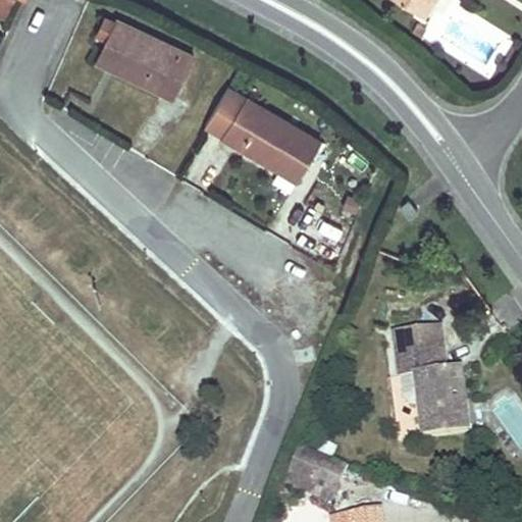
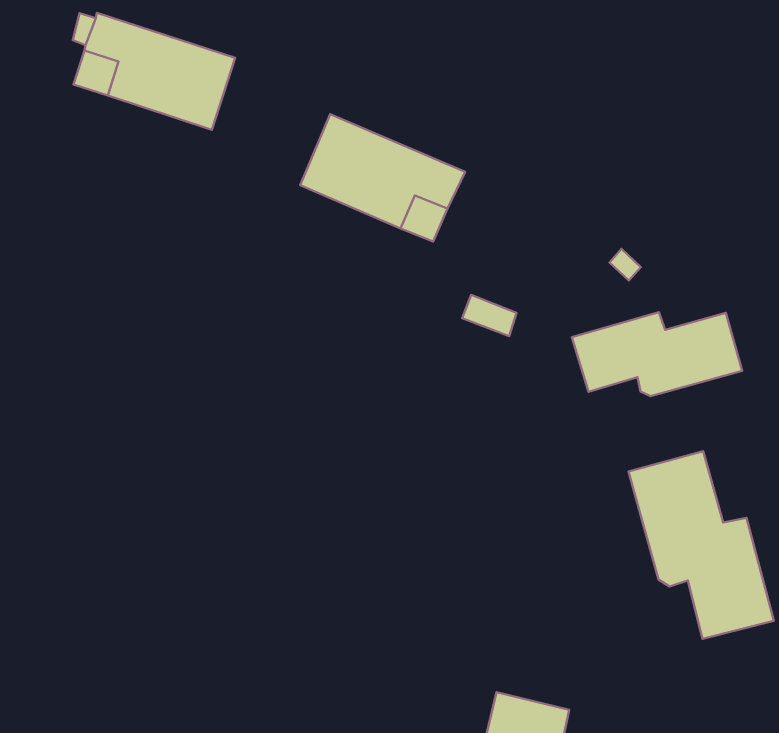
building: [204,88,245,138] -> none
building: none -> [572,312,742,396]

